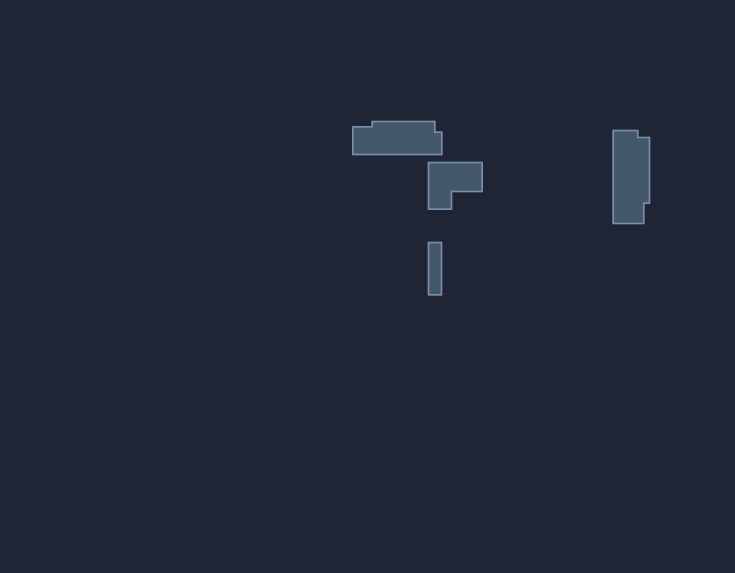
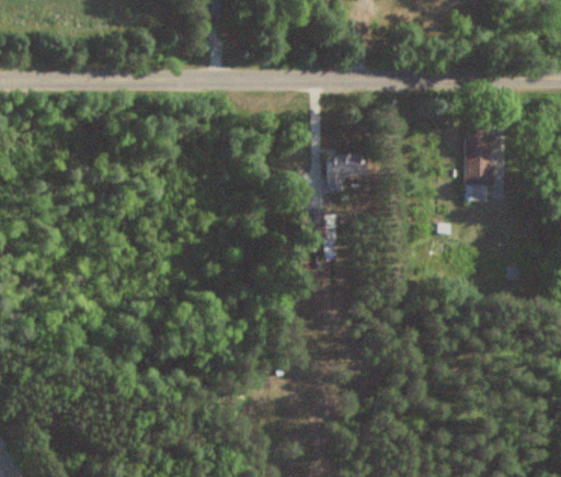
building: [353,122,442,155] -> none

